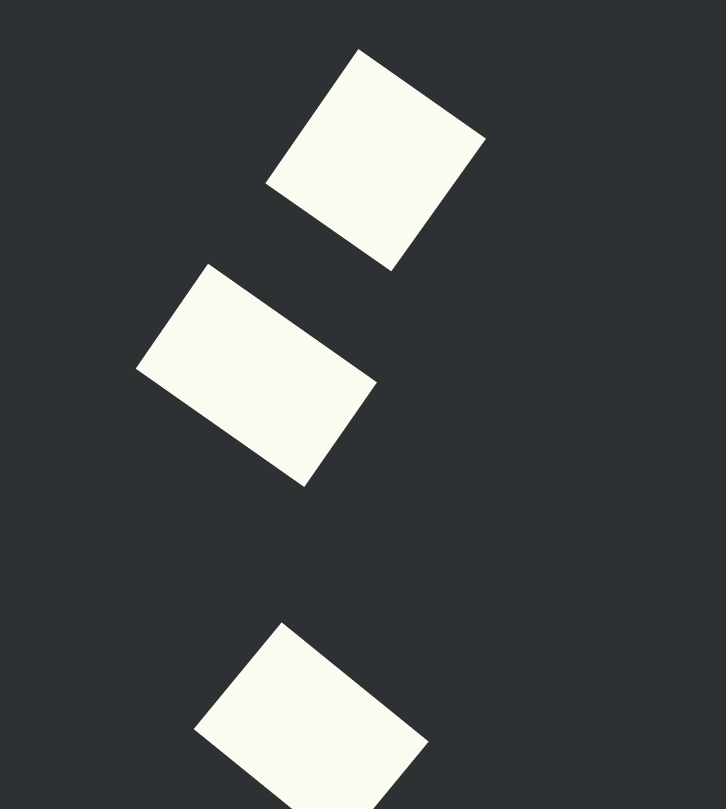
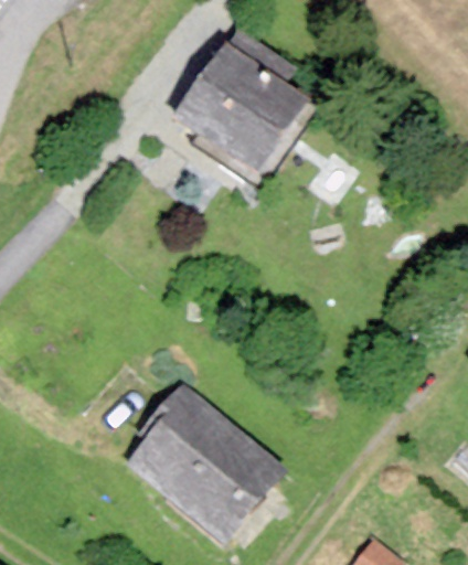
building: [135,263,378,488] -> none

